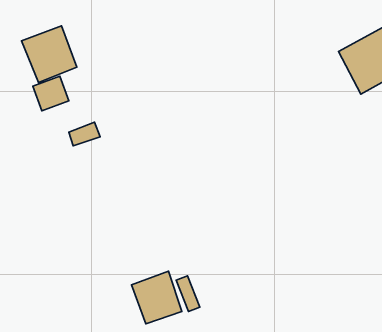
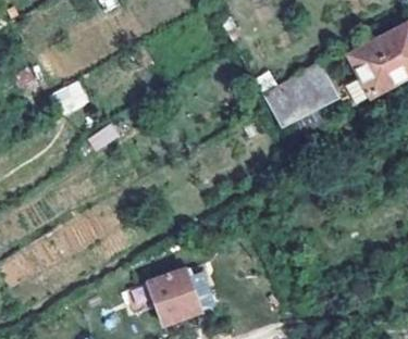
building: [22,26,77,82] -> none
building: none -> [259,62,334,125]

